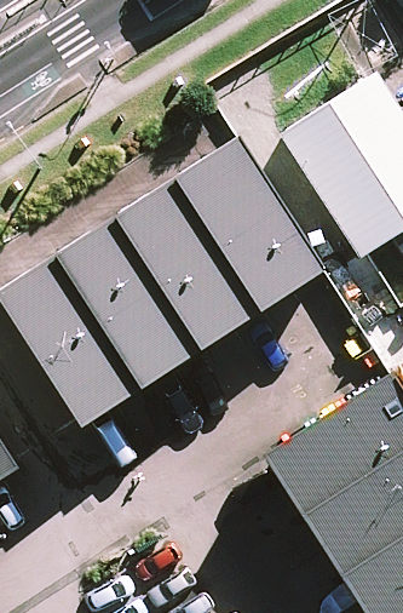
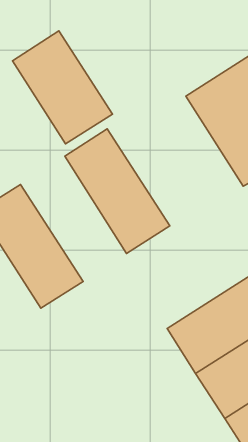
building: none -> [12,31,113,144]
building: [175,137,327,311] -> none
building: [57,216,202,388] -> none

